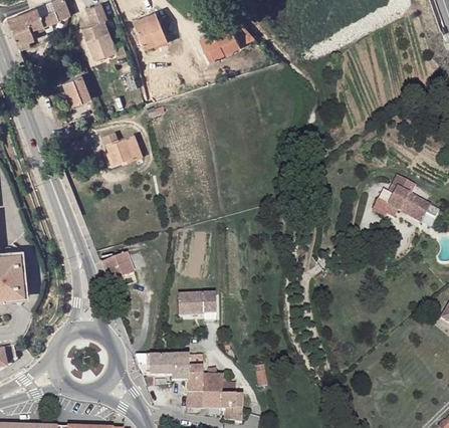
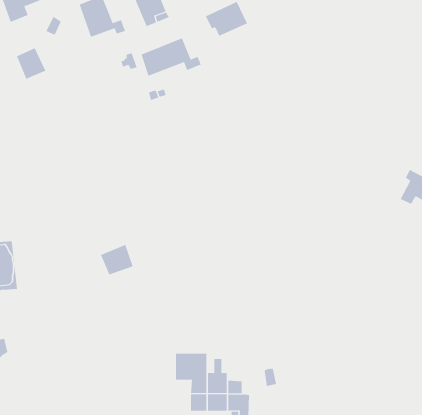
building: none -> [141,37,201,77]
building: [62,76,90,106] -> [16,47,46,80]
building: [102,133,143,164] -> none
building: [178,294,216,316] -> none
building: [135,355,172,376] -> none

